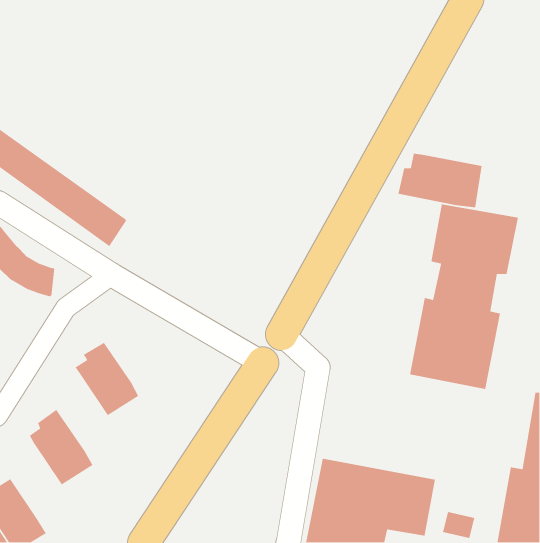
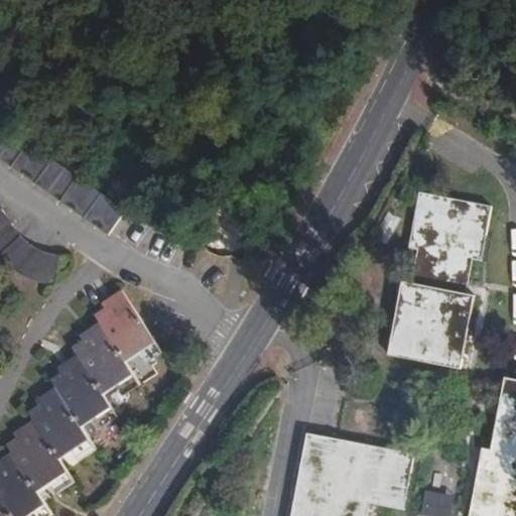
building: [397,153,483,208] -> none
building: none -> [94,290,154,362]
building: none -> [48,355,110,426]
building: none -> [6,419,67,492]

